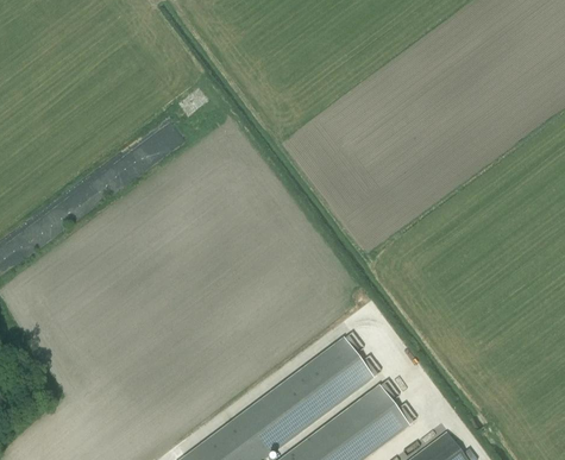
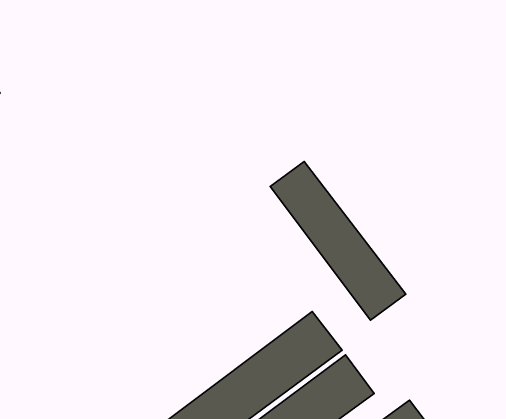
building: none -> [270,161,406,320]

